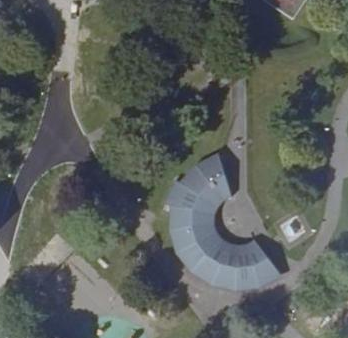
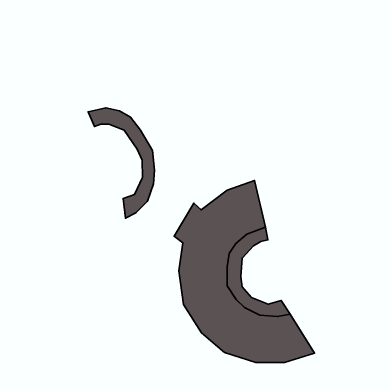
building: none -> [88,108,155,218]

